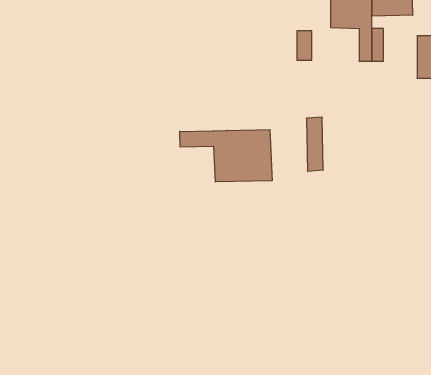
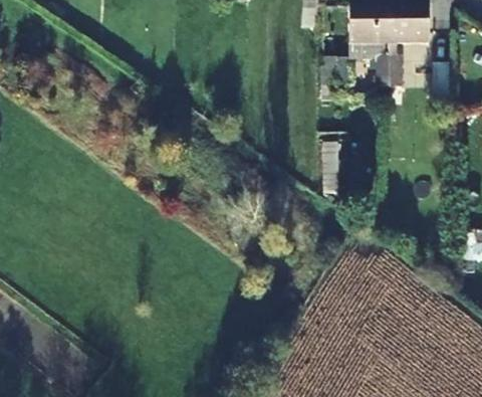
building: [180,130,272,182] -> none

